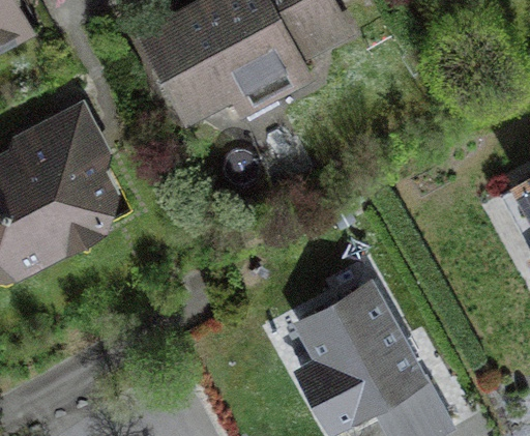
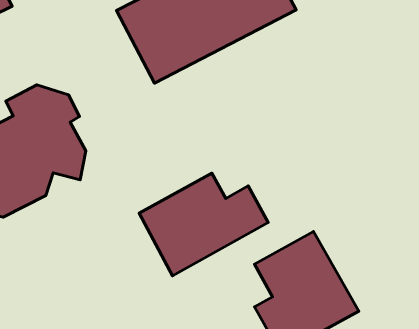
building: none -> [139,173,268,276]

